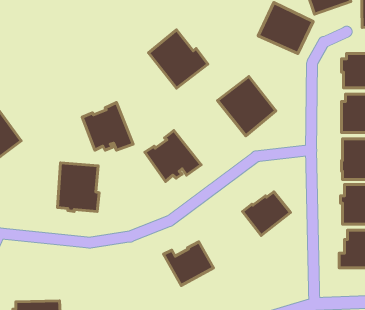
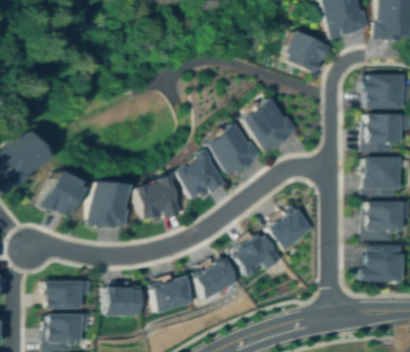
building: [148,30,208,88] -> [205,122,262,179]
building: [82,102,133,150] -> [132,173,181,220]
building: none -> [38,170,80,218]
building: none -> [228,233,280,277]
building: none -> [150,275,193,314]
building: none -> [42,280,91,308]
building: none -> [105,287,140,316]

